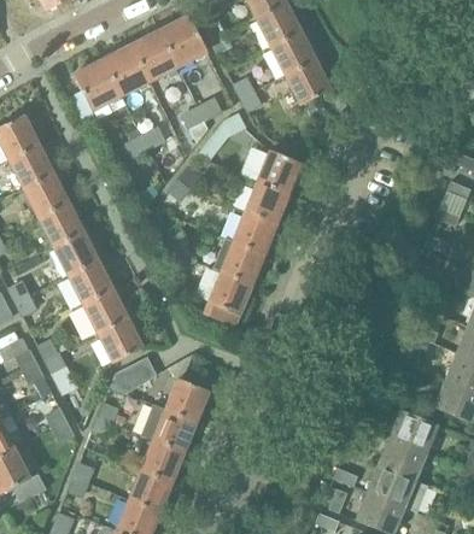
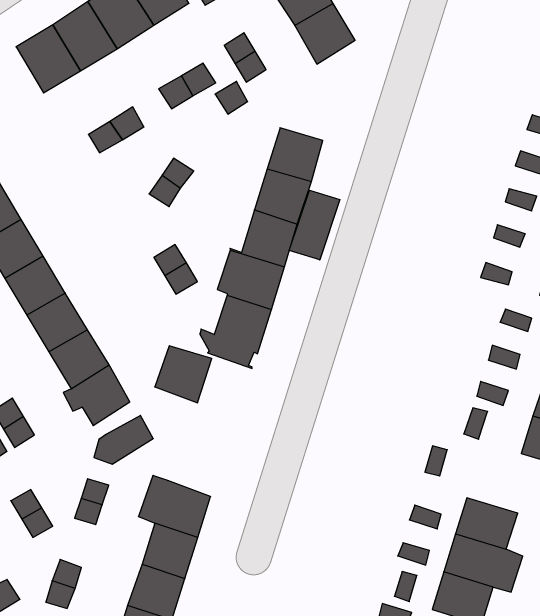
building: none -> [289,190,340,260]
building: [164,379,209,423] -> [155,346,212,403]
building: [388,411,437,453] -> none

